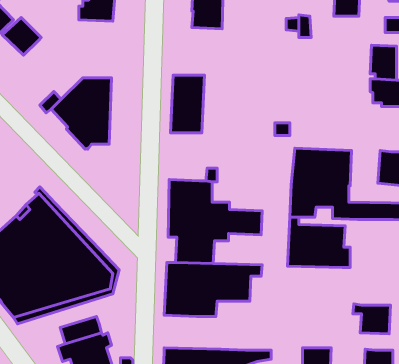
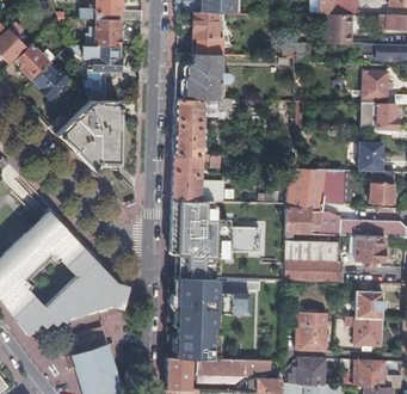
building: none -> [69,45,119,101]
building: none -> [175,54,232,100]
building: none -> [33,66,68,99]
building: none -> [359,142,383,172]
building: none -> [172,154,226,199]
building: none -> [356,236,384,266]
building: none -> [354,283,383,318]
building: none -> [296,312,328,351]
building: none -> [167,327,222,359]

